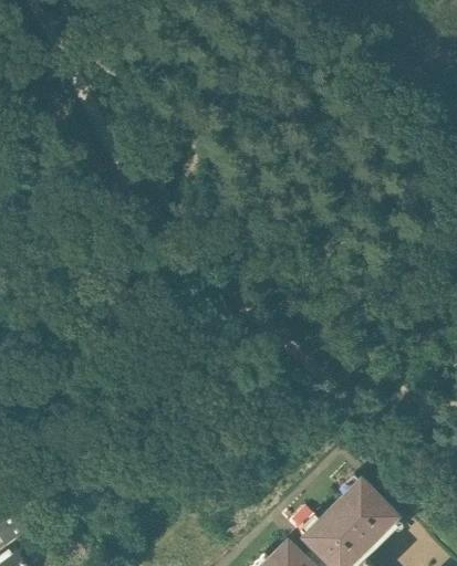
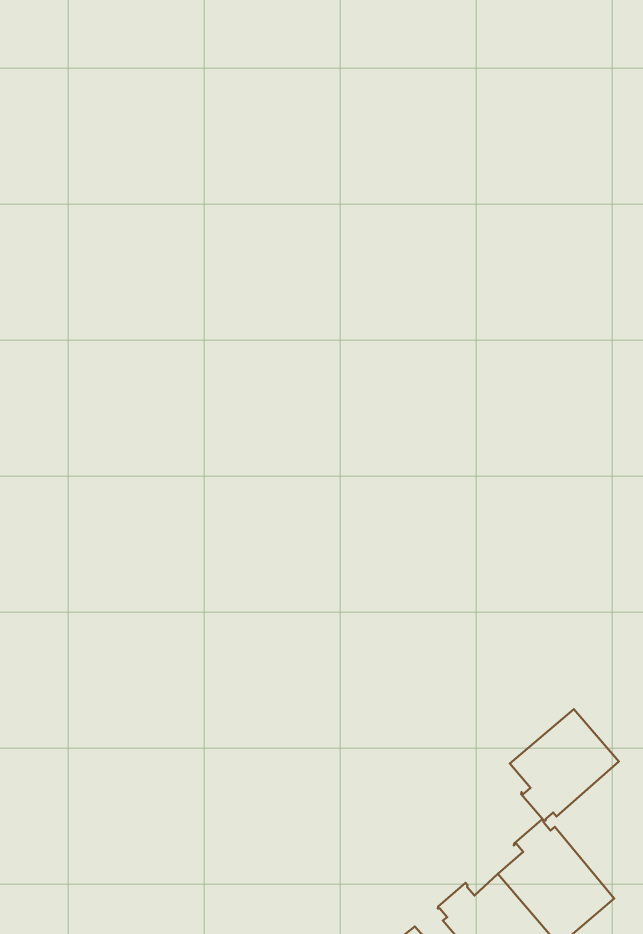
building: none -> [510,709,619,821]

